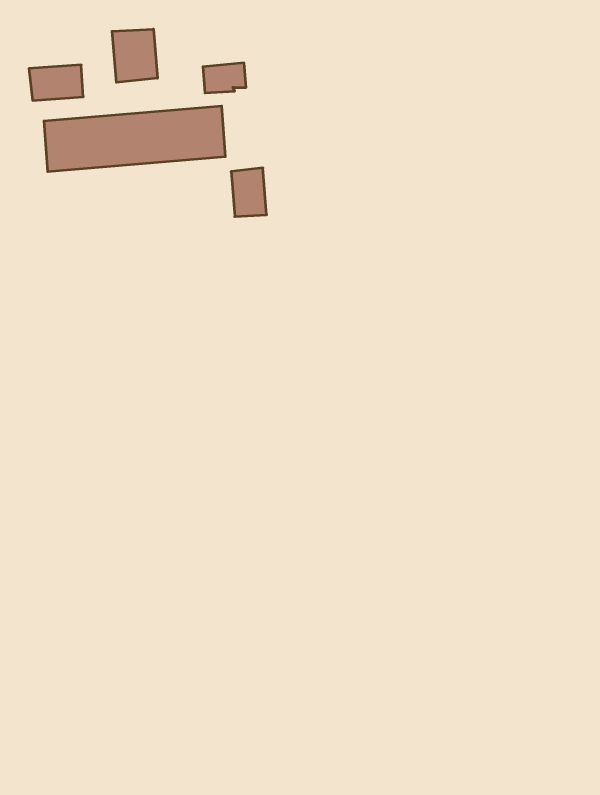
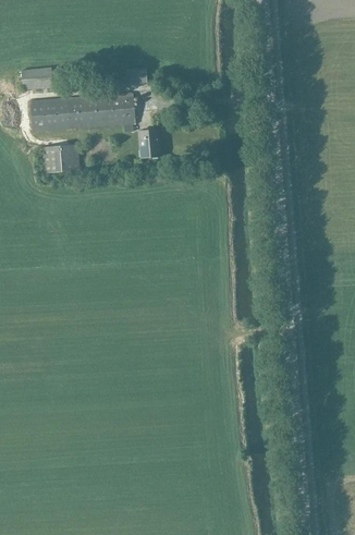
building: [112,29,157,82] -> none
building: none -> [42,145,79,173]

